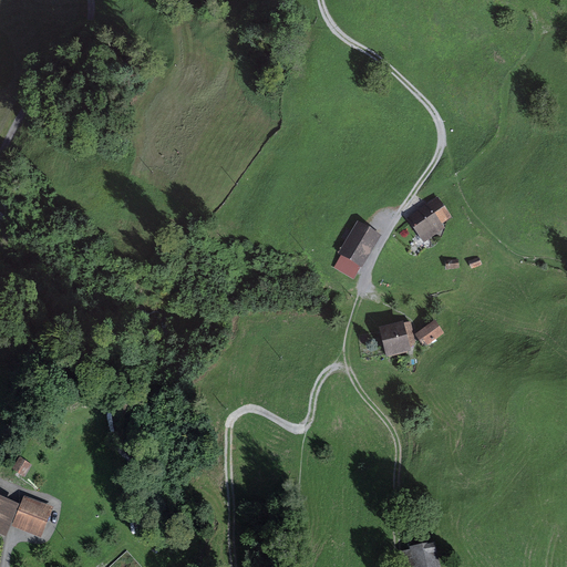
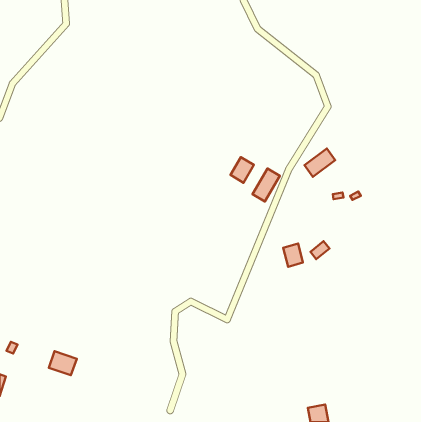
building: none -> [230,157,254,183]
building: [11,499,49,532] -> [49,351,77,375]

